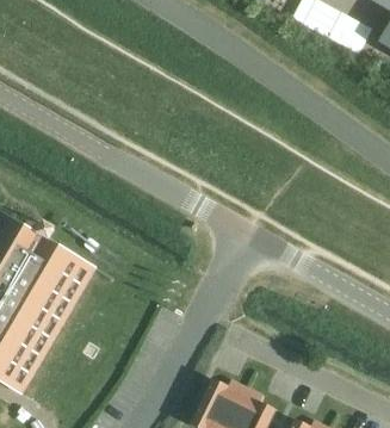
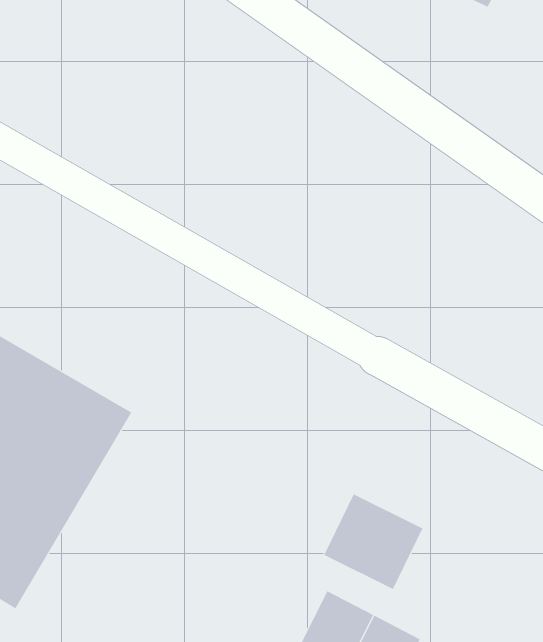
building: none -> [324,493,423,590]

